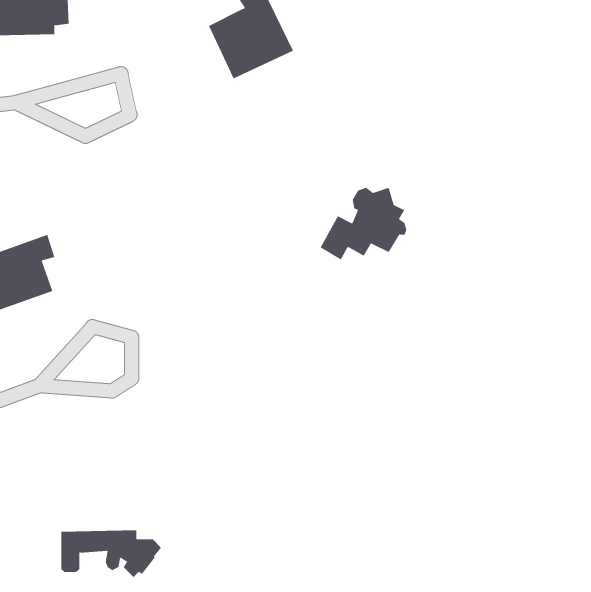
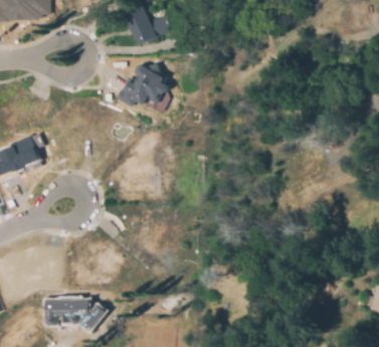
building: [320,187,407,260] -> [119,62,168,104]

